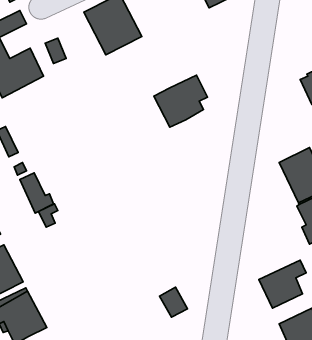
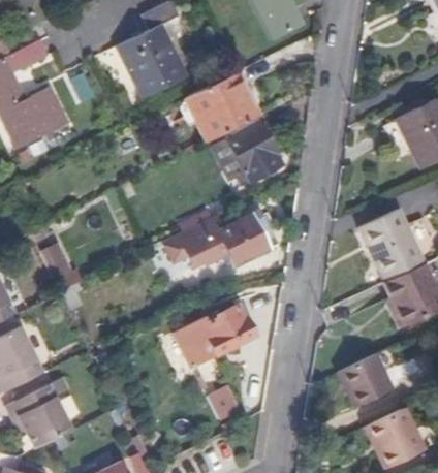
building: none -> [181,71,256,141]
building: none -> [180,210,276,266]
building: none -> [179,297,258,361]

